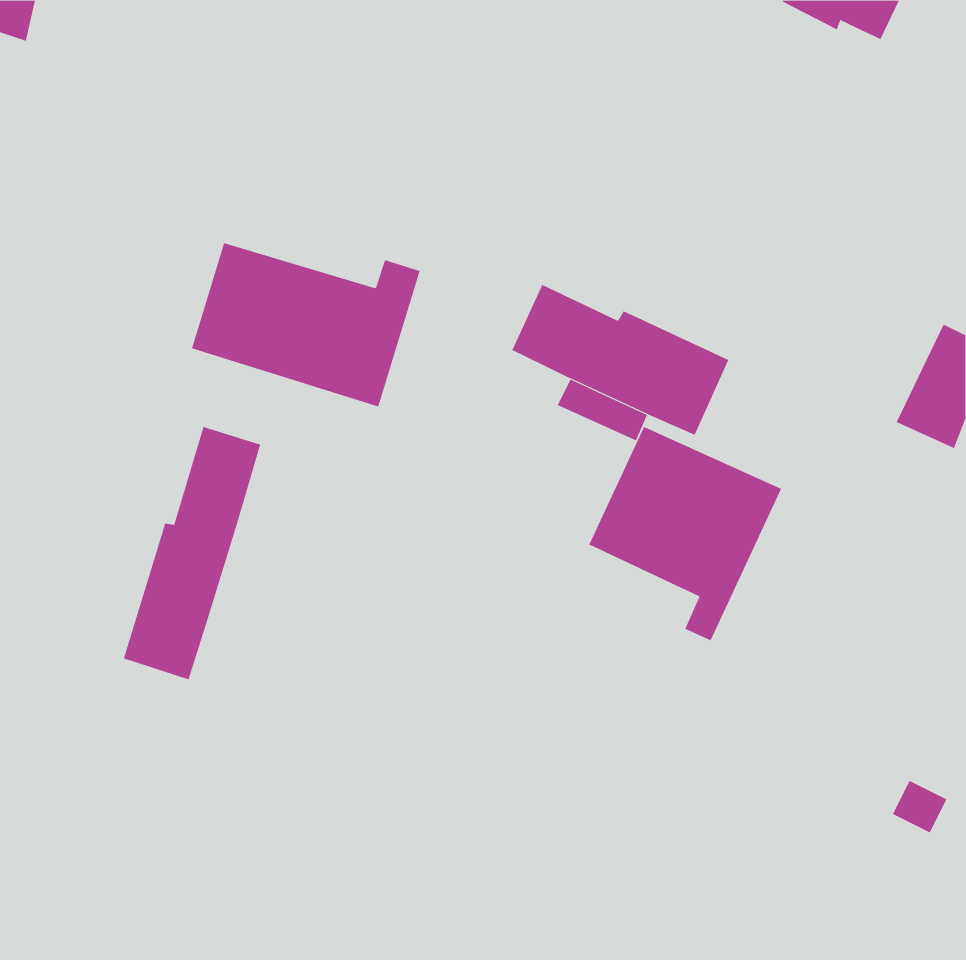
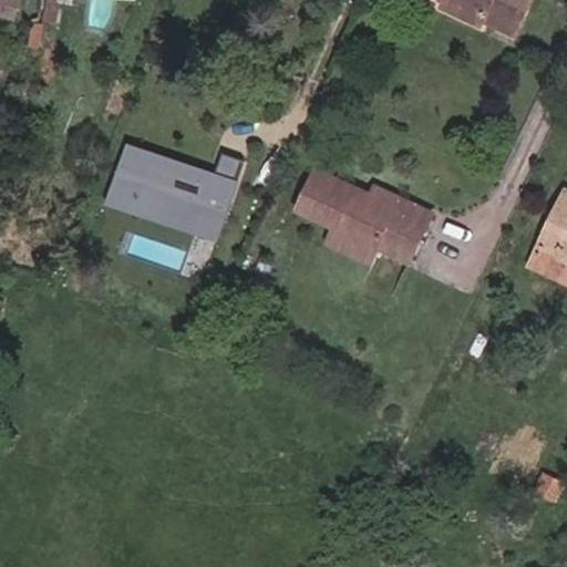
building: [123,426,261,680] -> none
building: [589,426,782,641] -> none

